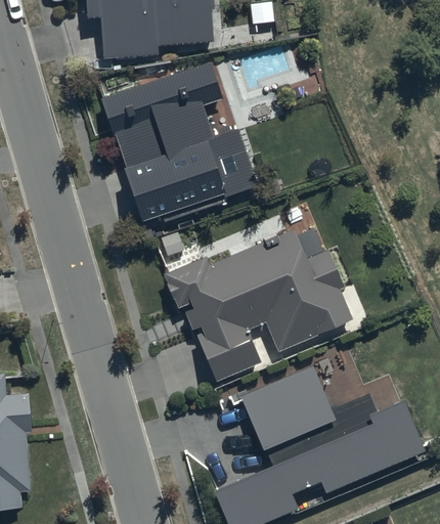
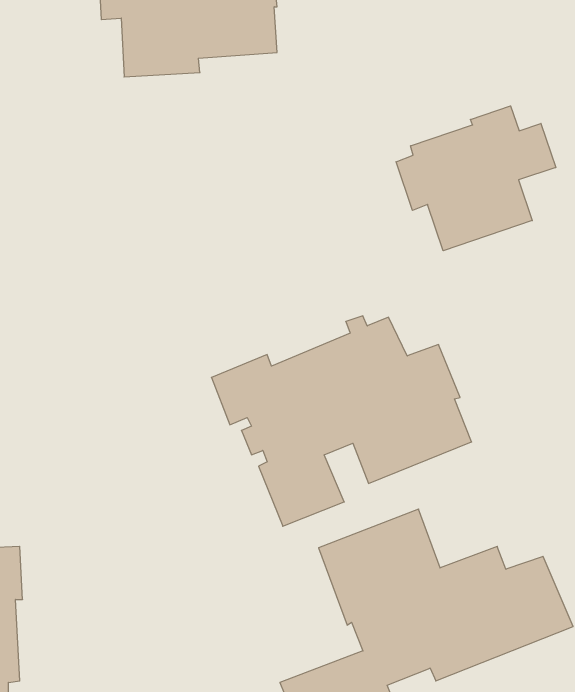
building: [101,63,256,221] -> none
building: none -> [396,106,556,251]

